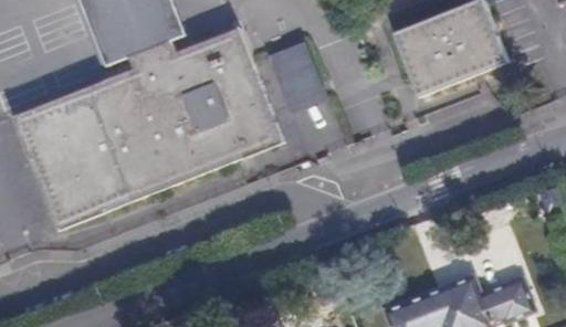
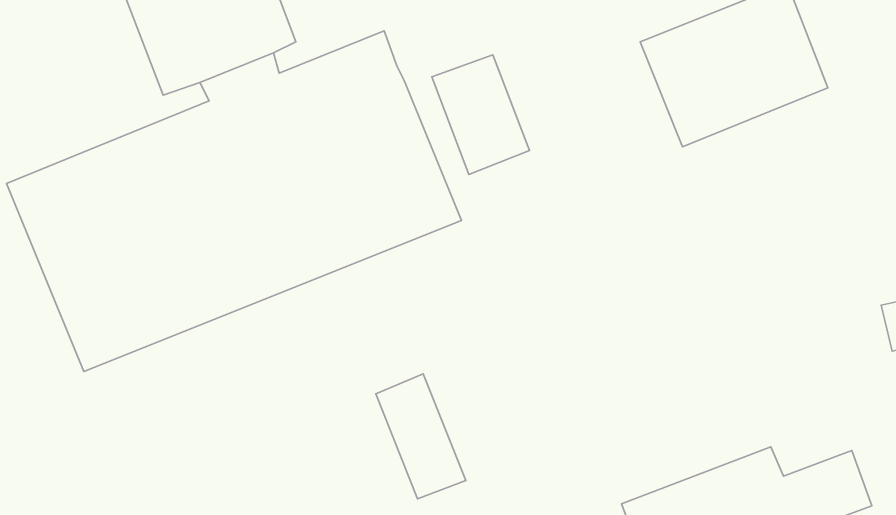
building: none -> [376,374,466,499]

